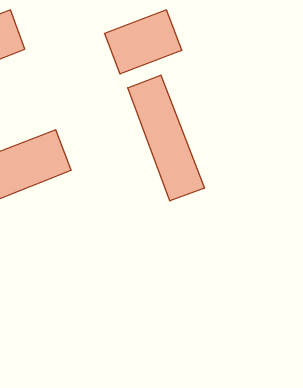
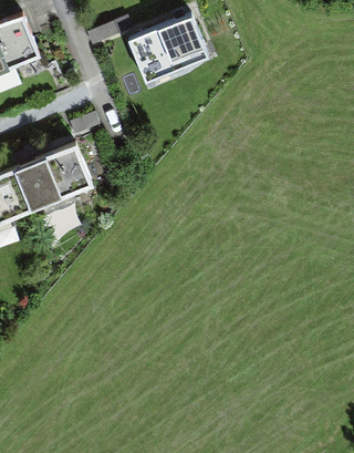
building: [128,75,204,201] -> none

